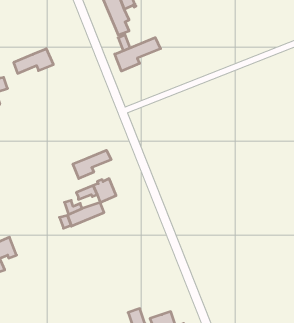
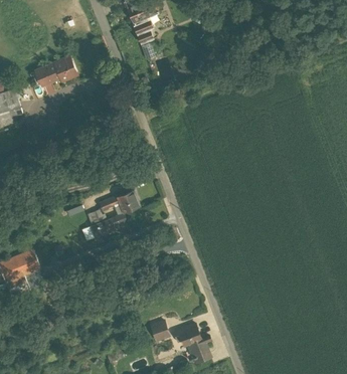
building: [115,38,161,71] -> none
building: [73,150,111,179] -> none

